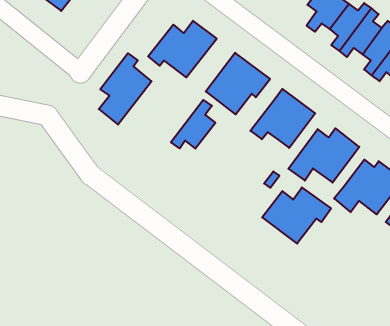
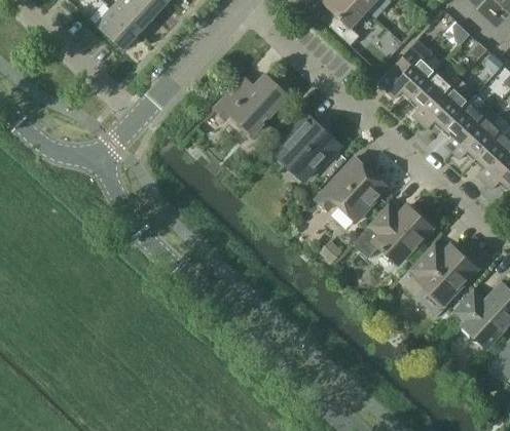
building: [99,53,152,125] -> none
building: [171,100,215,149] -> none
building: [262,187,331,244] -> none

